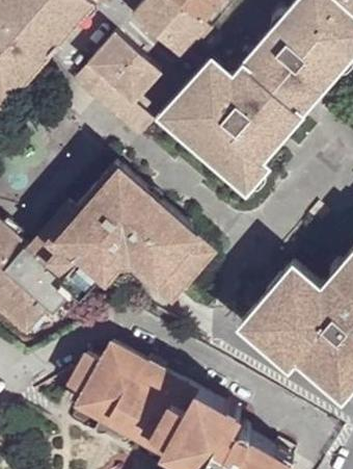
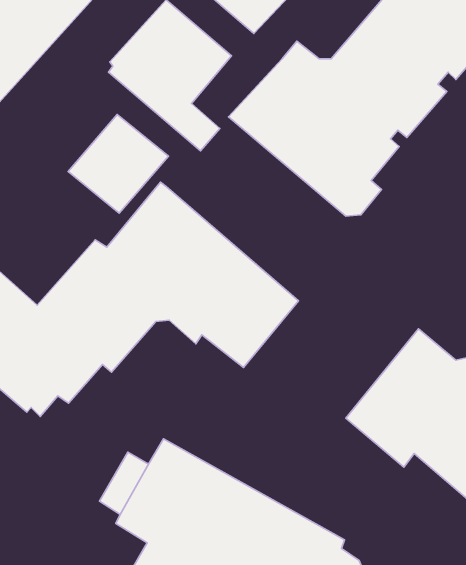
building: none -> [68,114,169,213]

